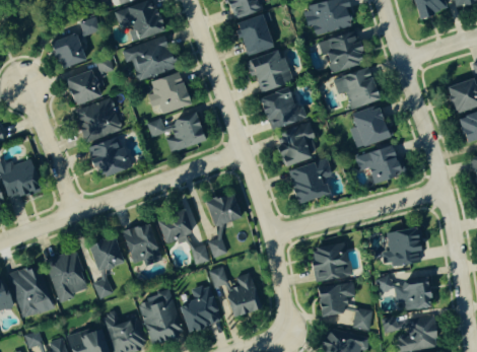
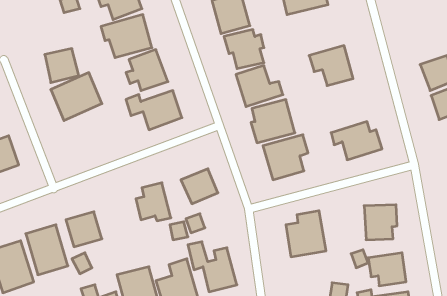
building: [320,30,365,73] -> none
building: [50,33,85,69] -> none
building: [350,105,390,149] -> none
building: [87,136,131,179] -> none
building: [121,221,162,266] -> none
building: [318,284,356,316] -> none

